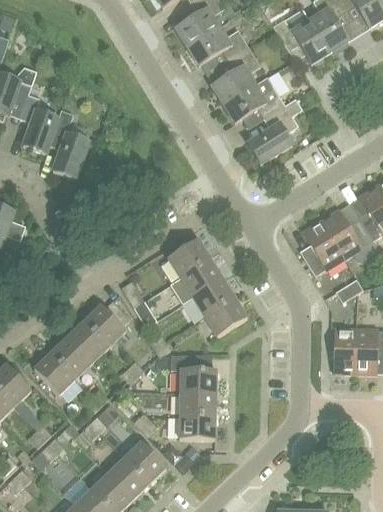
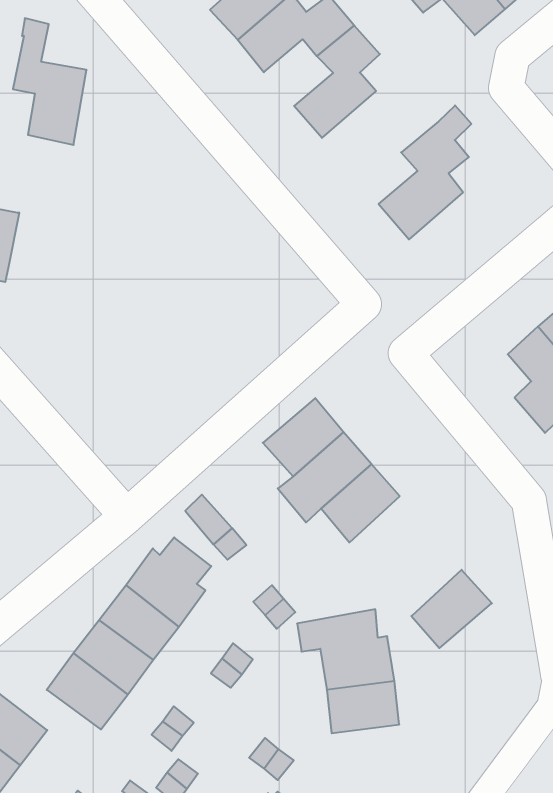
building: [223,76,285,122] -> none
building: [49,109,89,179] -> [13,18,87,145]
building: [204,297,247,336] -> [411,570,492,648]
building: [179,415,215,439] -> none

